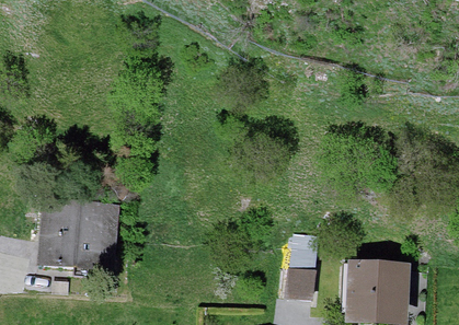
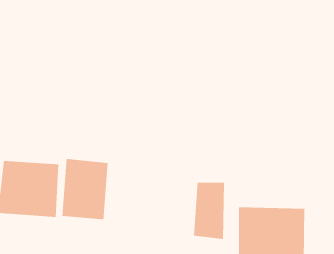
building: none -> [62,158,108,220]

